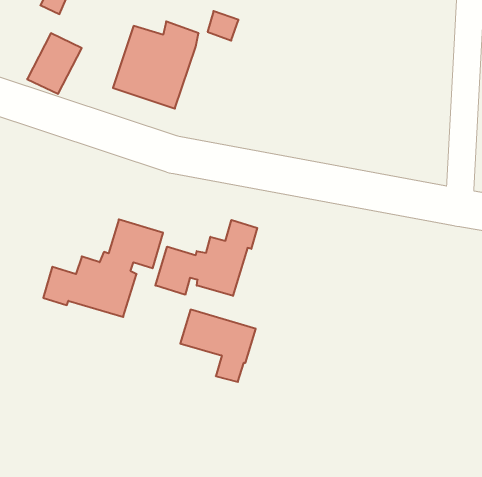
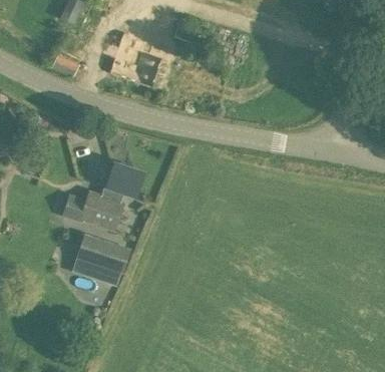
building: [155,220,257,296] -> none
building: [180,310,256,382] -> [78,236,129,285]

